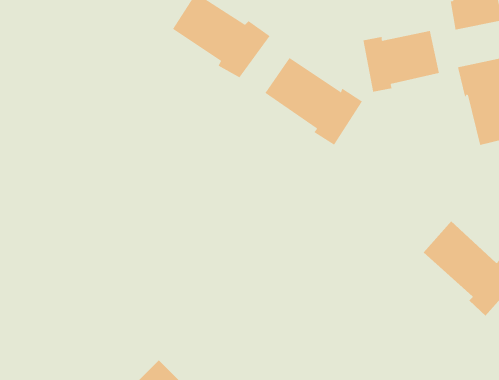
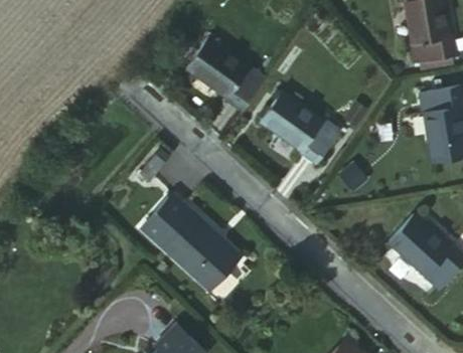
building: [363,30,440,93] -> none
building: none -> [144,203,242,300]

